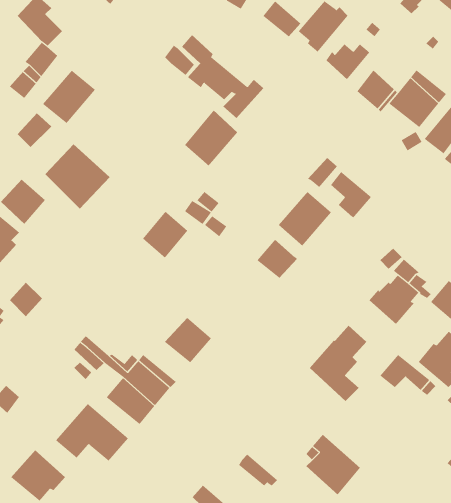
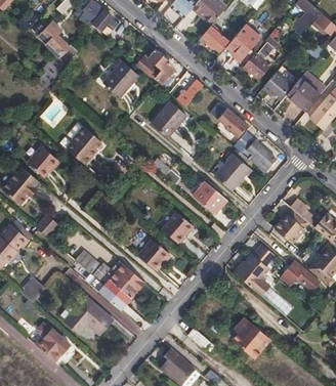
building: [42,70,96,124] -> [102,59,138,95]
building: none -> [210,102,248,137]
building: [142,211,188,259] -> [162,210,193,242]

